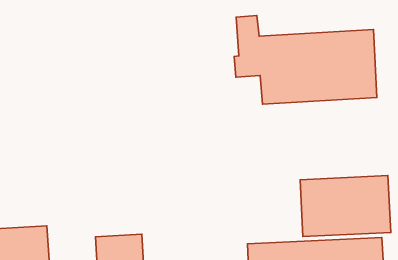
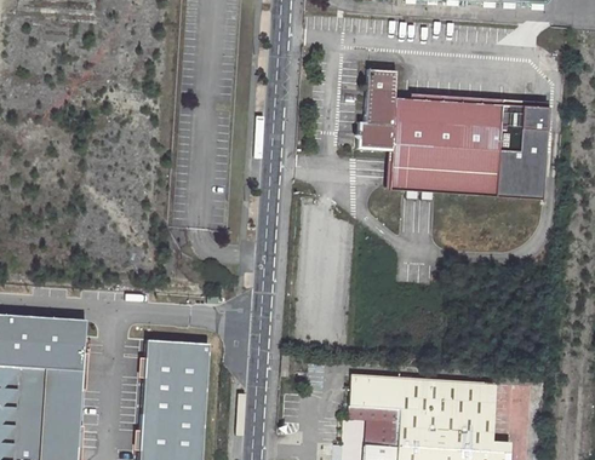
building: [300,176,391,237] -> none

